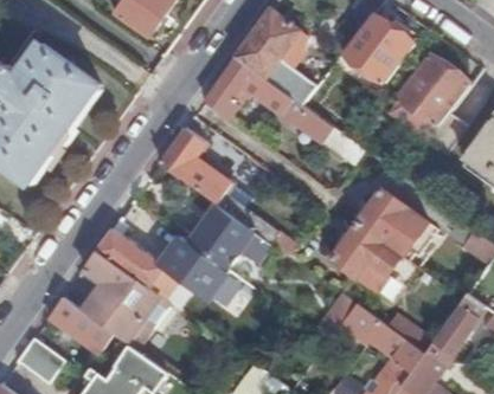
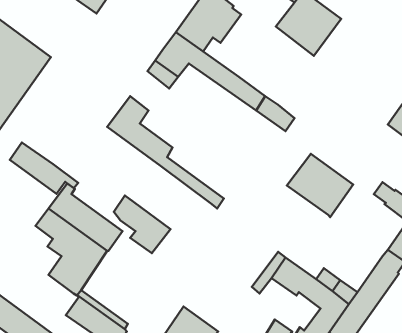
building: [390,53,468,138] -> none
building: [187,204,272,272] -> none
building: [331,225,399,291] -> none
building: [47,298,122,354] -> [10,143,78,194]

